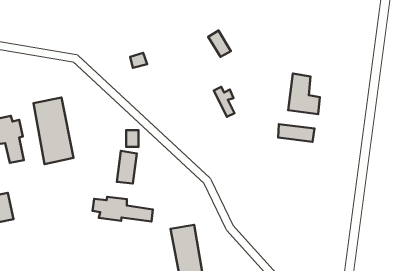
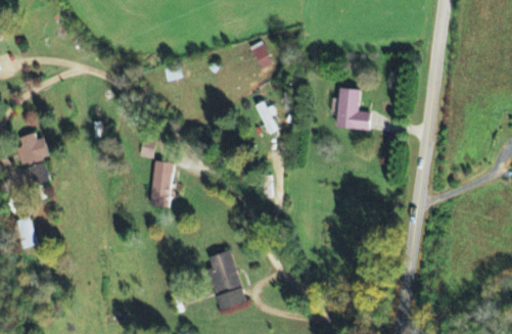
building: [33,97,73,164] -> none
building: [278,124,314,142] -> none
building: [93,197,153,221] -> none

